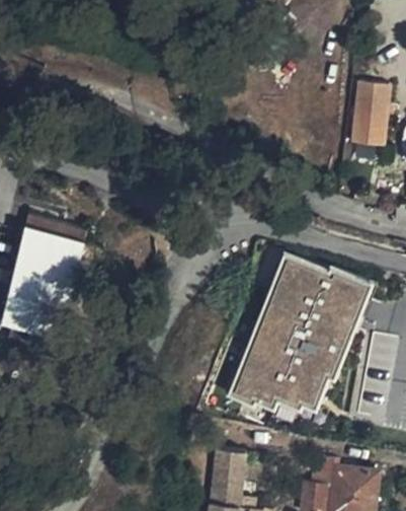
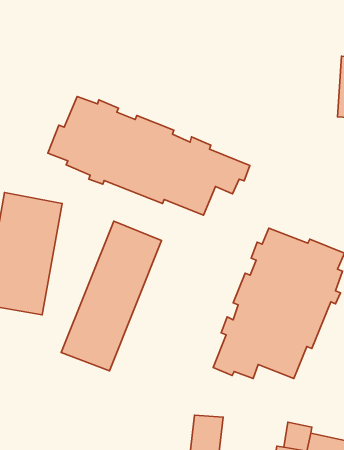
building: none -> [48,96,250,215]
building: none -> [61,221,162,371]

